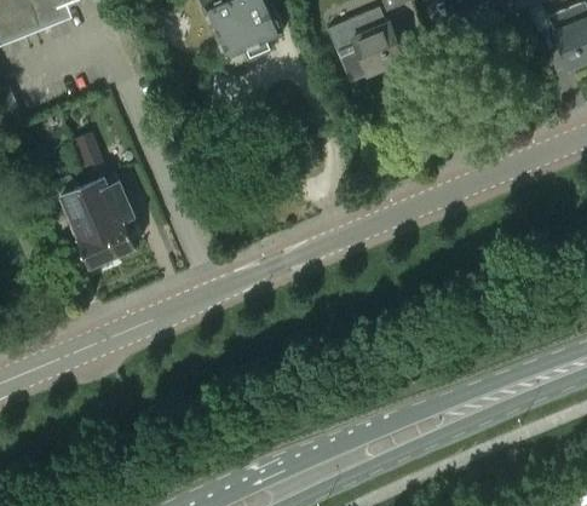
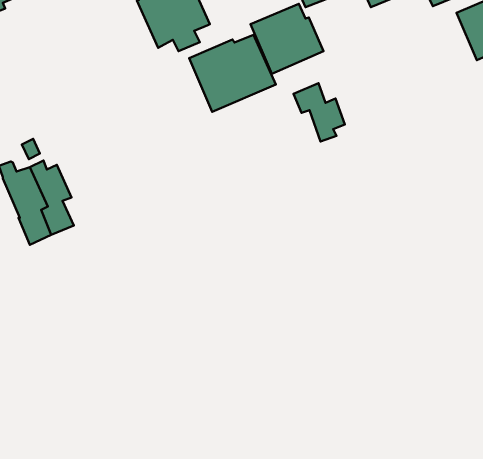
building: none -> [189,35,276,112]
building: none -> [294,83,345,142]

